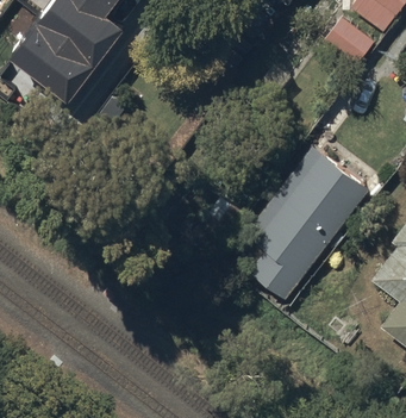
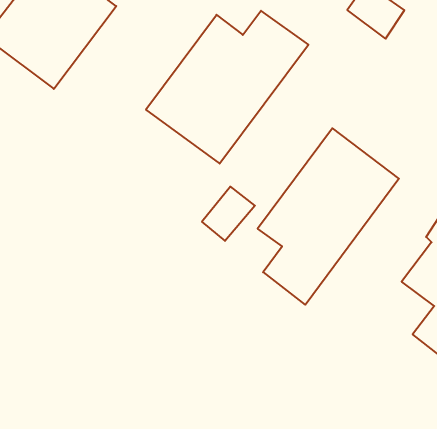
building: none -> [146,11,308,164]

